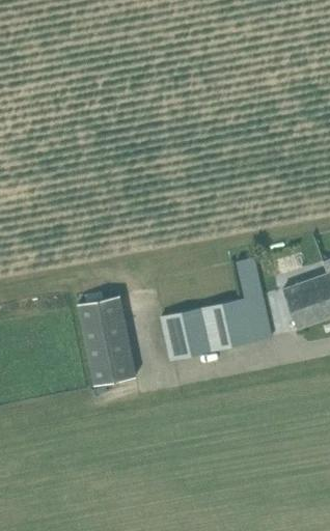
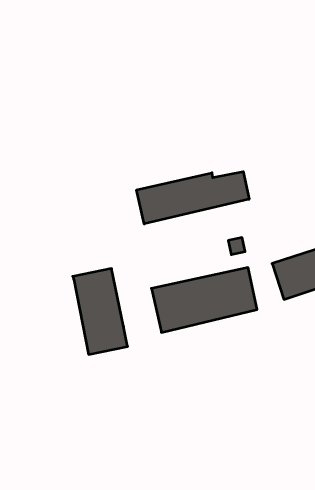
building: none -> [137,172,249,224]

